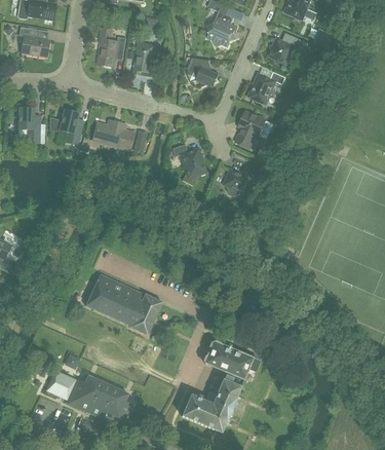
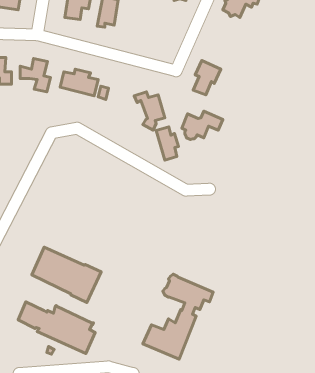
building: [186,57,218,86] -> none
building: [247,71,284,101] -> none
building: none -> [156,127,179,160]
building: [86,274,161,334] -> [32,247,101,302]

